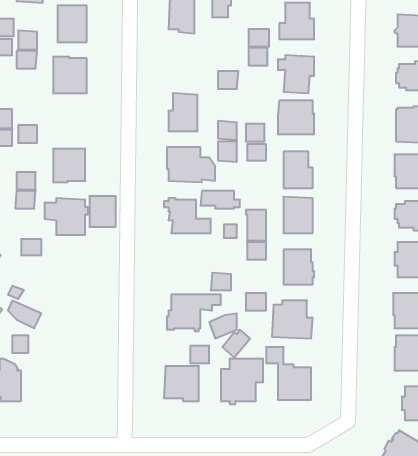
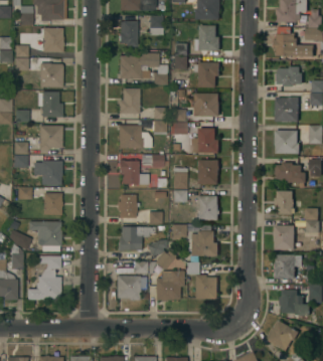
building: none -> [119,52,158,78]
building: none -> [37,92,62,117]
building: [89,196,116,227] -> [43,193,61,214]
building: none -> [117,194,139,218]
building: none -> [28,221,61,245]
building: none -> [26,255,60,300]

